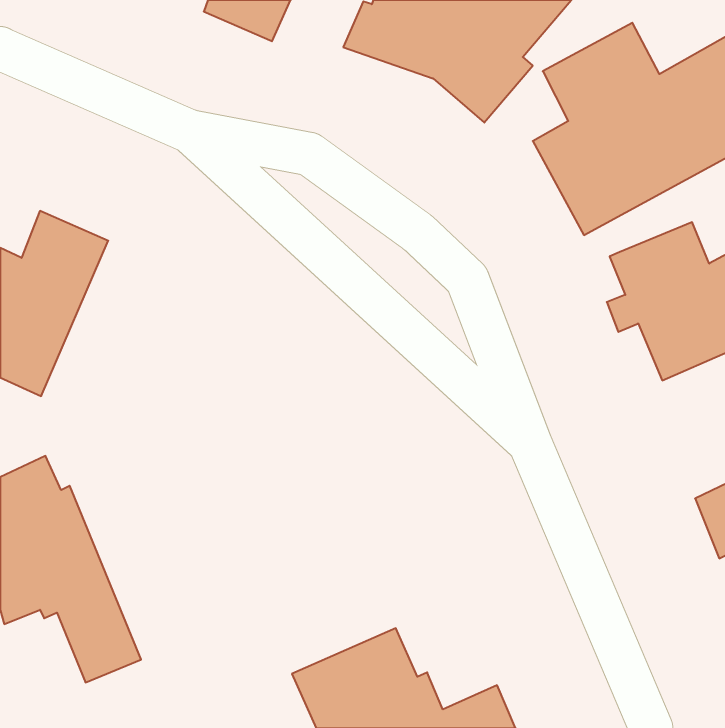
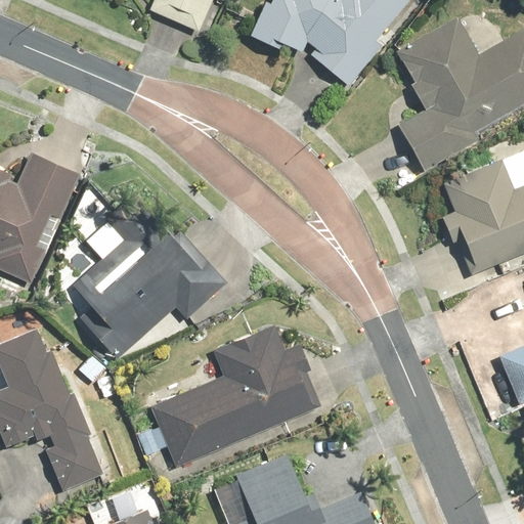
building: none -> [66,192,225,360]
building: none -> [146,328,324,466]

